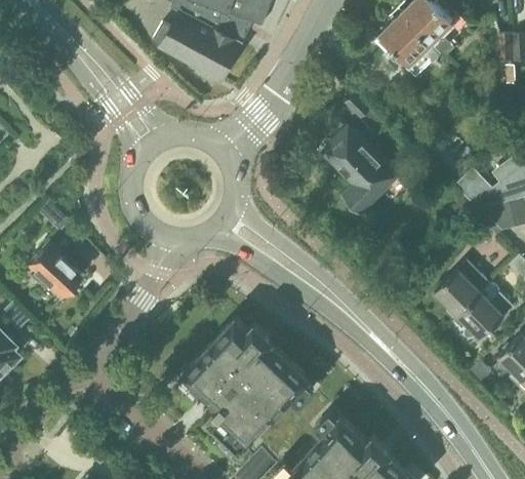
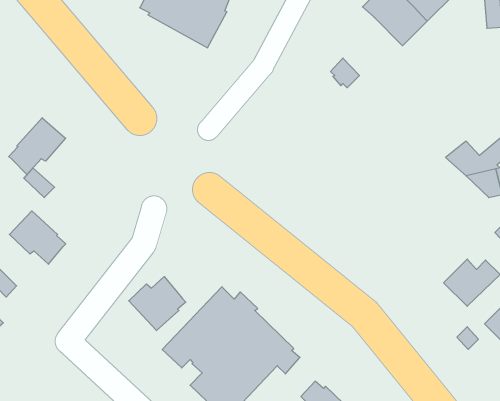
building: [326,120,397,210] -> none
building: none -> [9,118,66,175]
building: [434,261,490,316] -> none
building: none -> [129,277,186,331]

